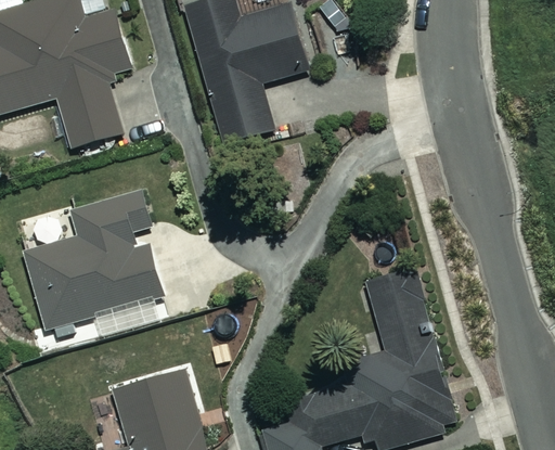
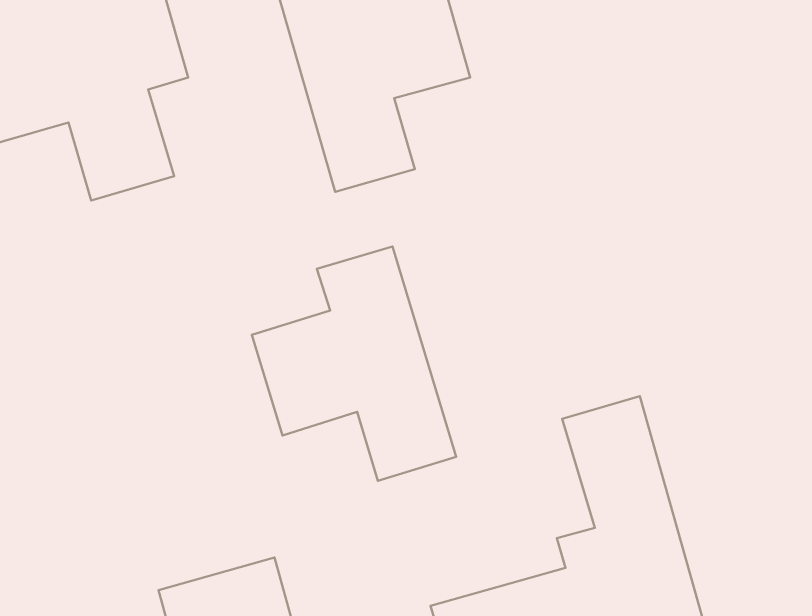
building: none -> [252,246,456,481]
building: [24,191,163,326] -> none

